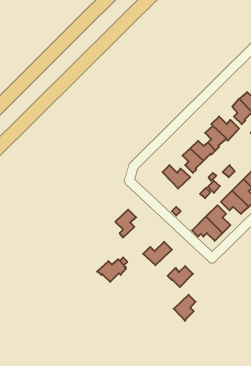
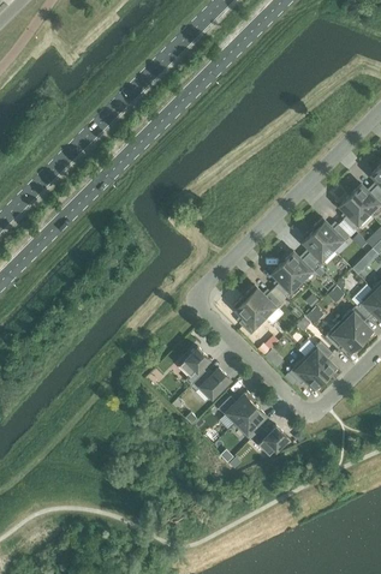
building: none -> [234,295,267,335]
building: [97,259,126,282] -> [191,369,231,400]
building: [174,295,196,321] -> [236,405,266,441]

